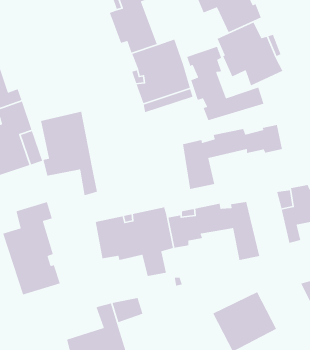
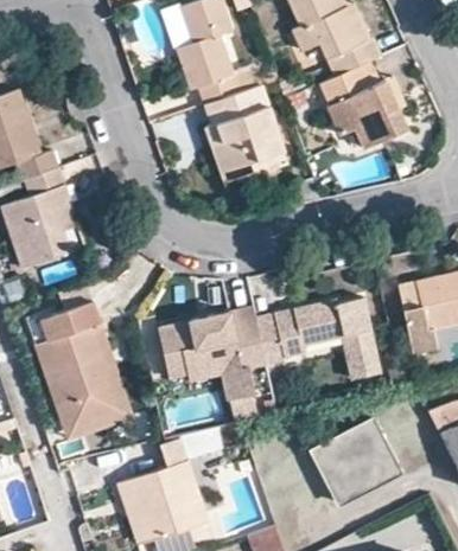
building: [186,46,265,121] -> none
building: [40,111,98,196] -> none
building: [182,124,283,190] -> none
building: none -> [61,323,129,436]

